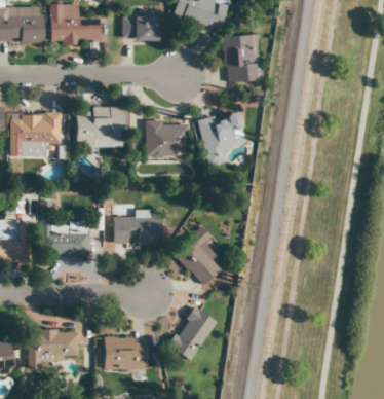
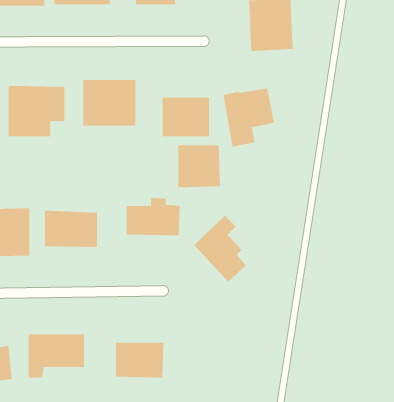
building: none -> [178,145,220,188]
building: [169,306,217,361] -> none

